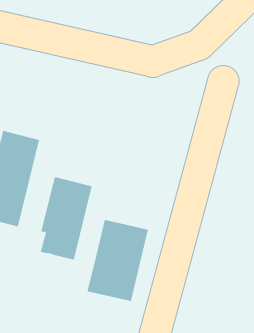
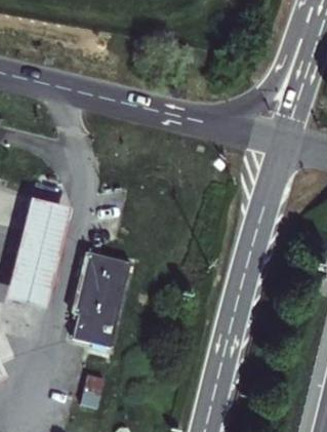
building: [87,219,149,302] -> none

